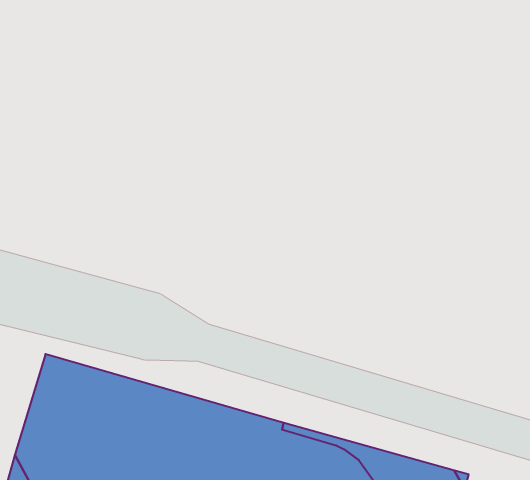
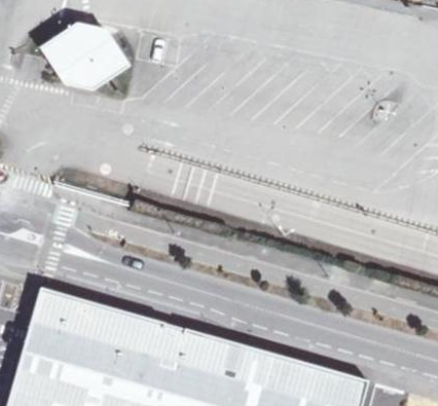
building: none -> [42,28,122,83]

